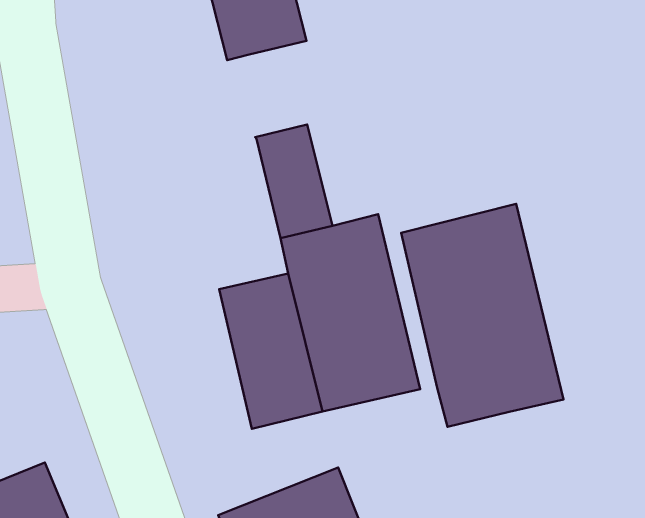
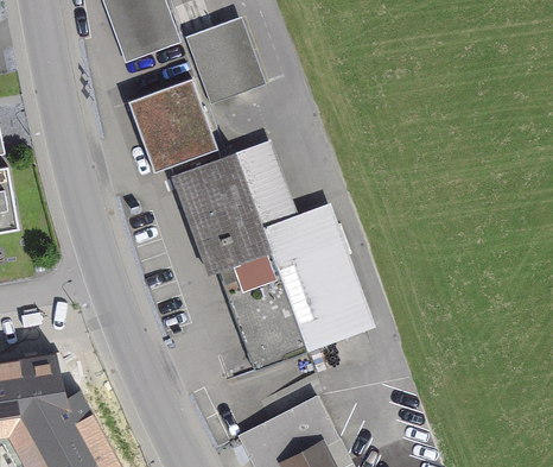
building: none -> [126,81,216,176]
building: none -> [174,159,269,276]
building: [401,204,564,427] -> none

